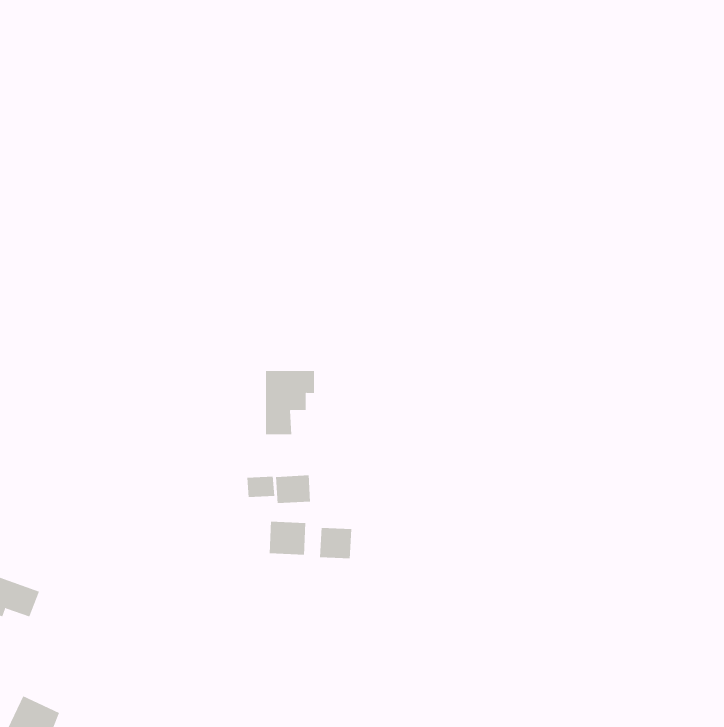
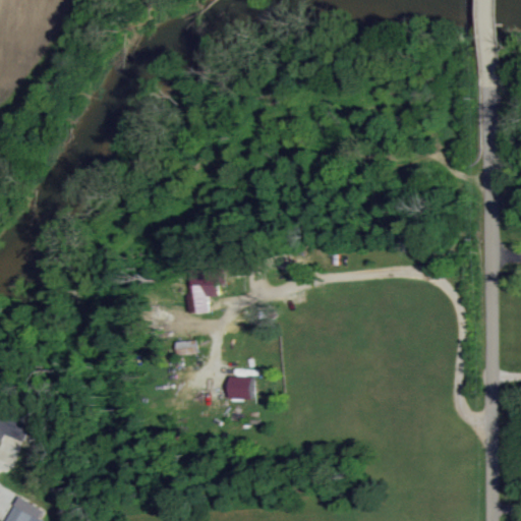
building: [276,475,311,504] -> none
building: [269,521,306,556] -> none

